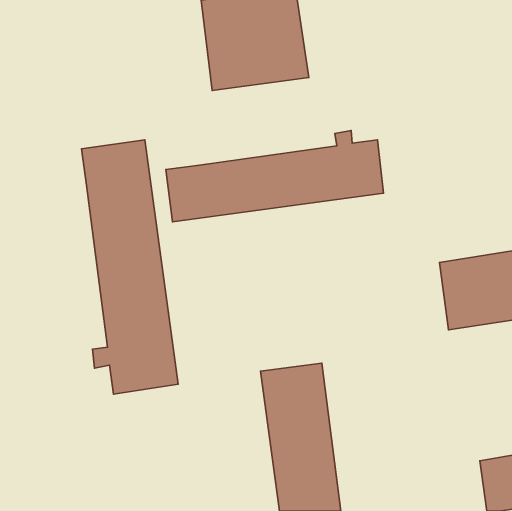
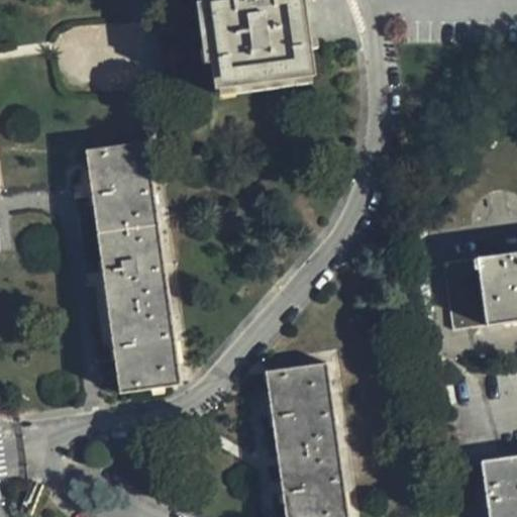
building: [166,131,383,222] -> none

